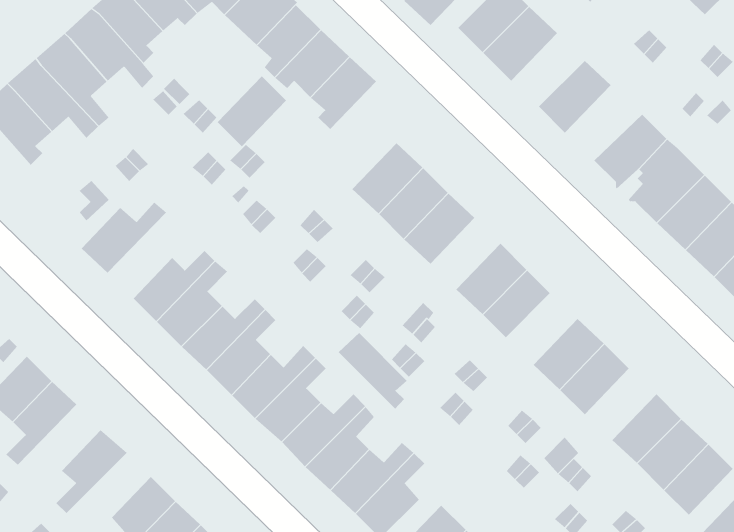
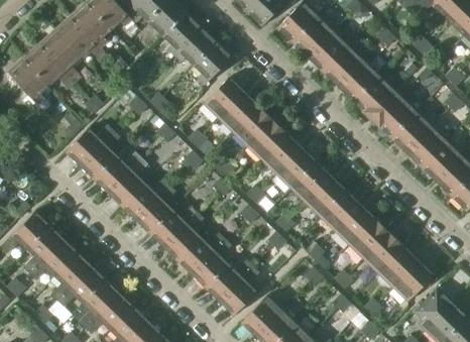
building: none -> [308,29,349,71]
building: [217,76,287,147] -> [204,77,243,117]
building: none -> [338,59,381,101]
building: none -> [81,130,120,179]
building: none -> [262,133,302,174]
building: none -> [305,176,345,216]
building: [338,332,408,409] -> none
building: none -> [349,218,389,258]
building: none -> [30,238,77,279]
building: none -> [57,265,105,306]

